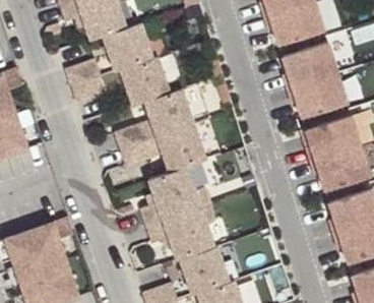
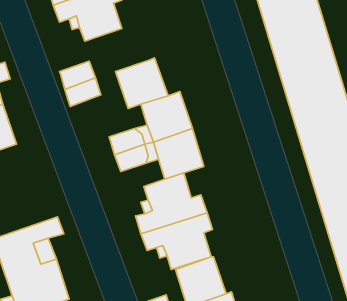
building: [108,27,158,76] -> none

